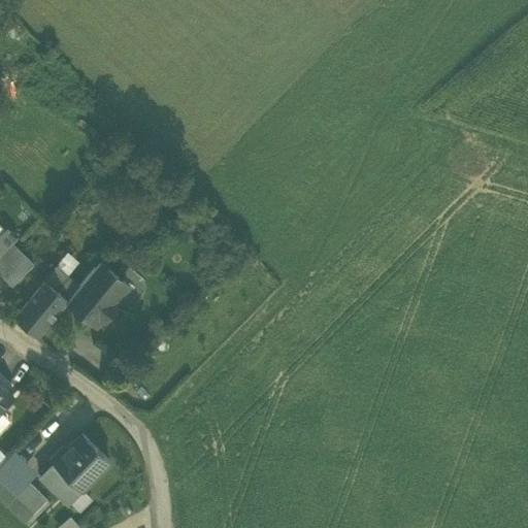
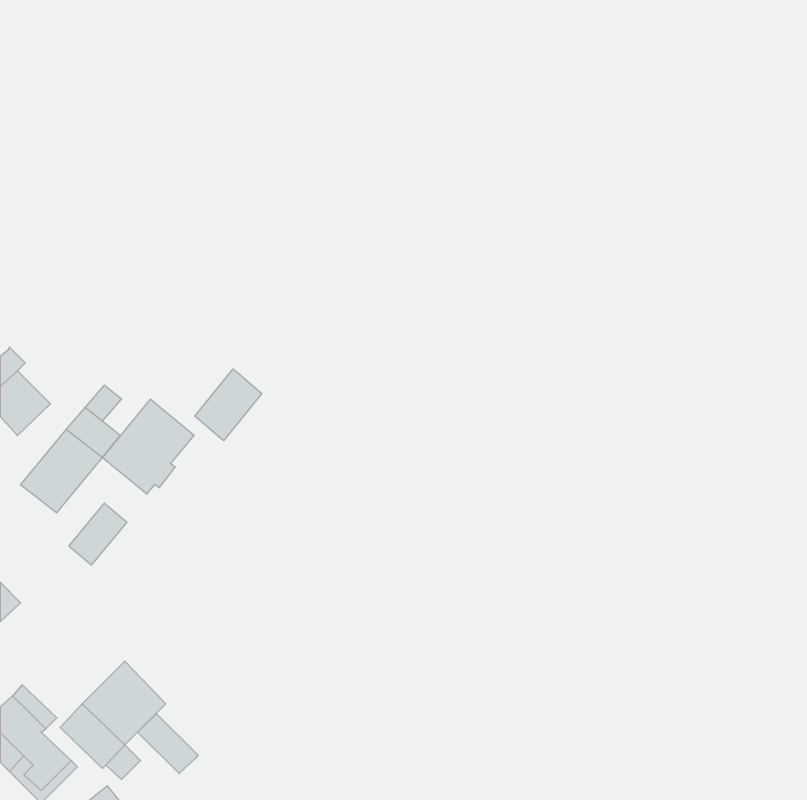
building: none -> [195,369,262,441]
building: none -> [69,503,127,565]
building: none -> [138,714,198,774]

